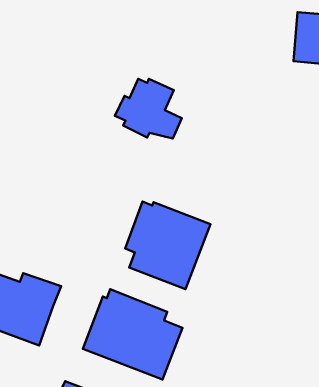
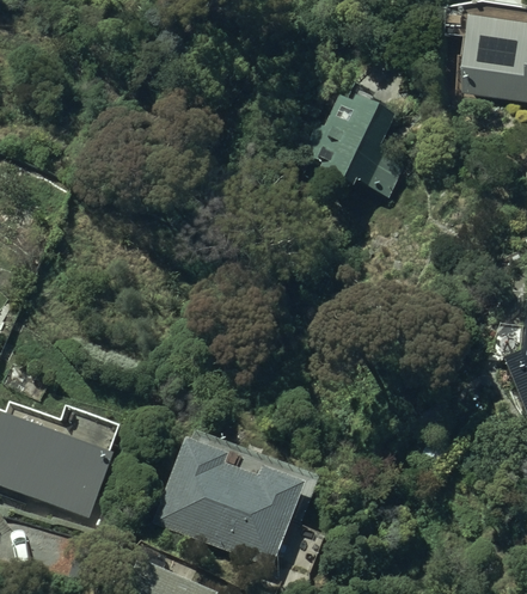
building: [115,79,182,138] -> [301,106,400,195]
building: [125,202,211,289] -> none

